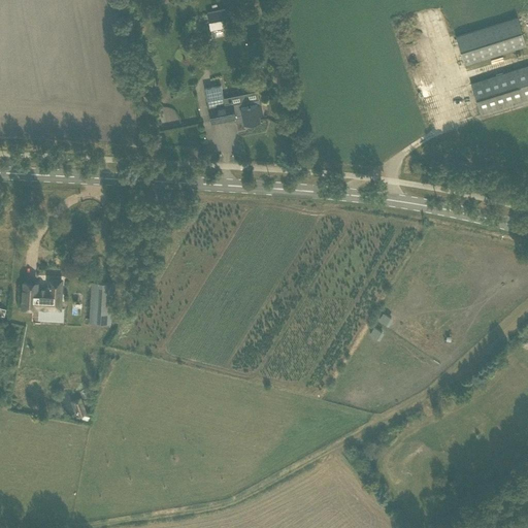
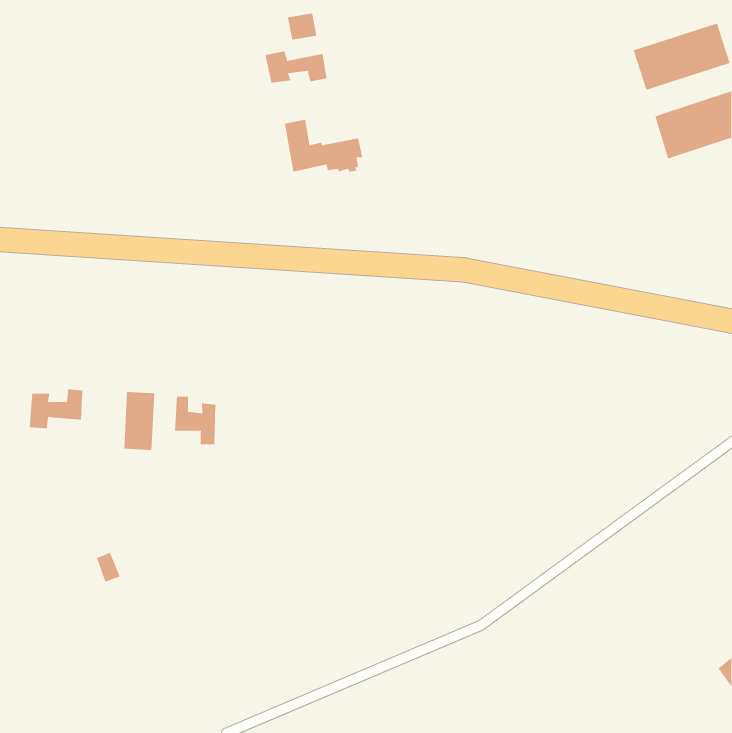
building: none -> [265,51,327,84]
building: none -> [175,396,216,445]

